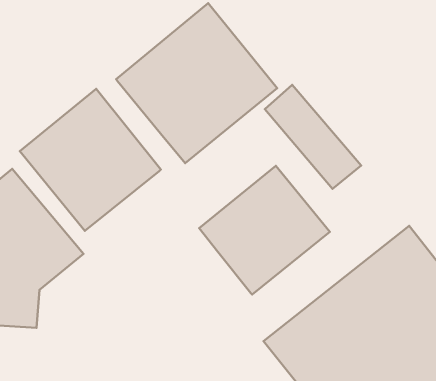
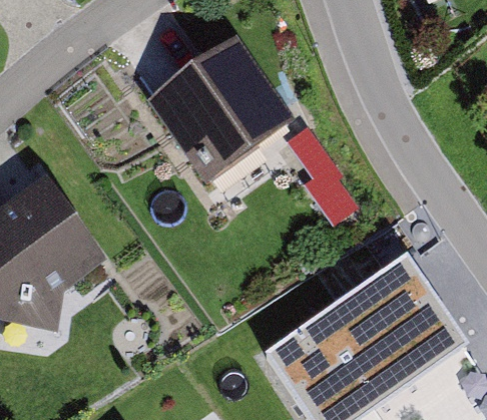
building: [20,89,161,231] -> none
building: [199,166,330,294] -> none

